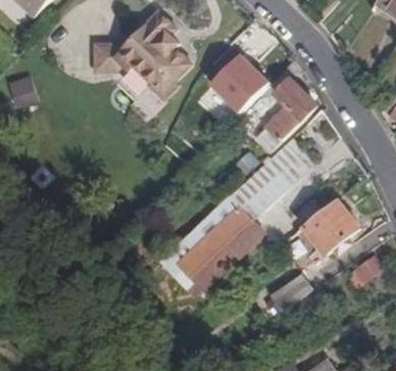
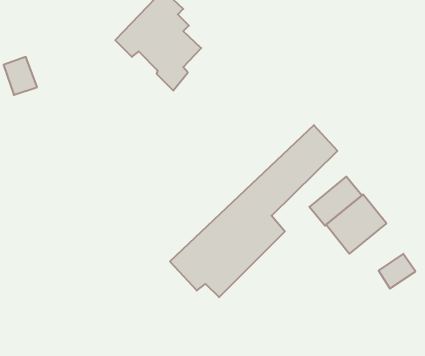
building: [209,49,274,113] -> none
building: [264,79,314,140] -> none
building: [270,272,313,312] -> none

